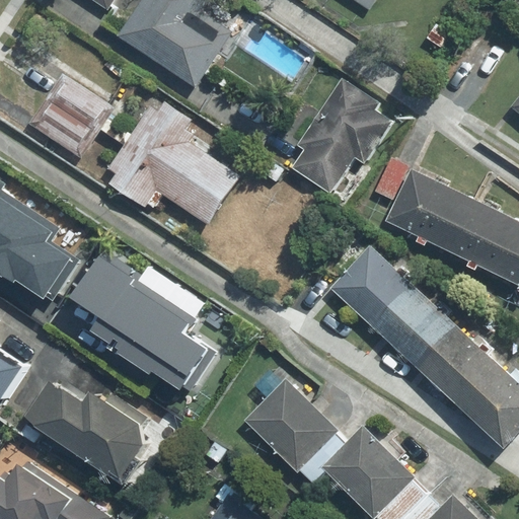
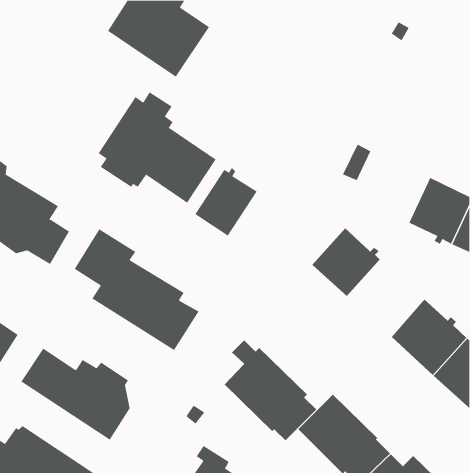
building: [26,76,109,158] -> none
building: [291,82,387,194] -> none
building: [390,171,467,246] -> none
building: none -> [195,167,257,236]
building: [377,286,461,370] -> none

